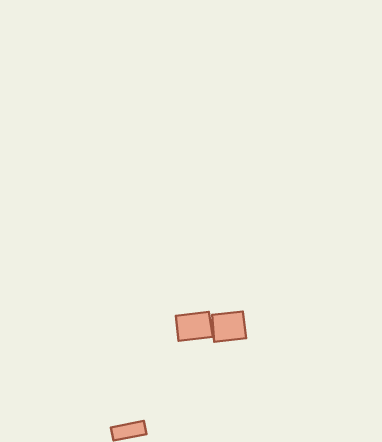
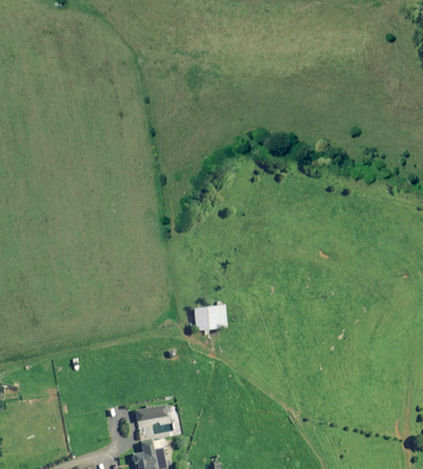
building: [212,312,246,342] -> none

